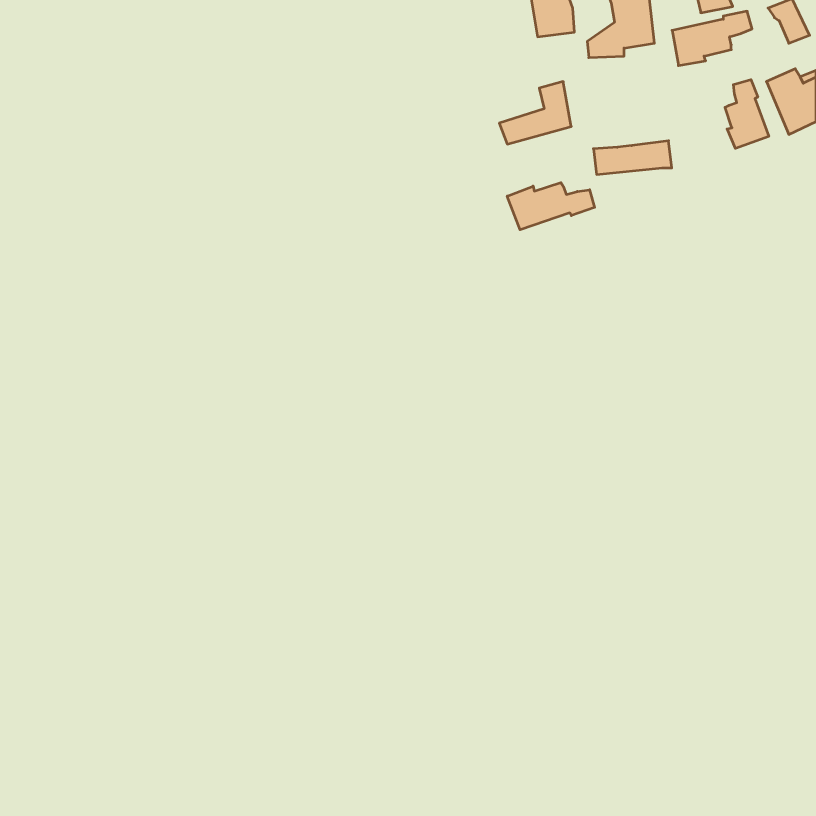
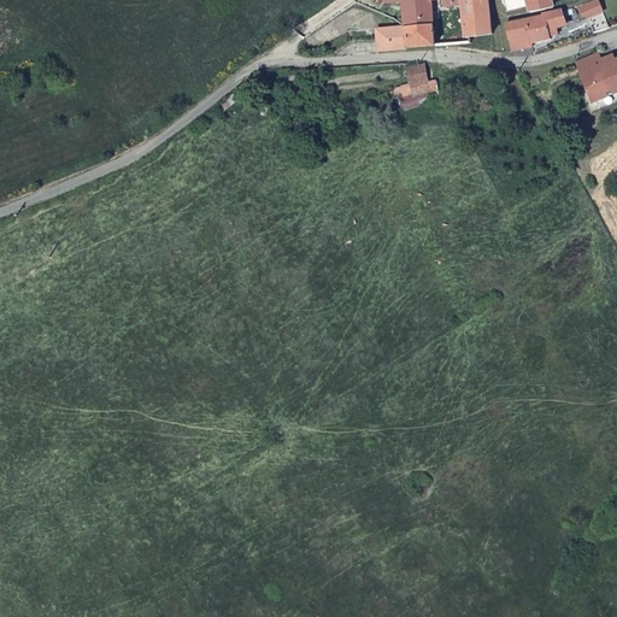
building: [725,80,769,148] -> none
building: [593,141,672,174] -> [376,24,435,49]
building: [507,183,595,230] -> none

